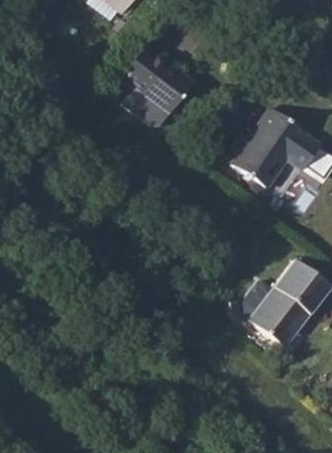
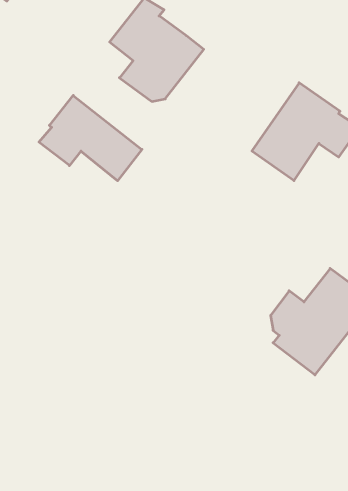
building: none -> [39,95,142,181]

